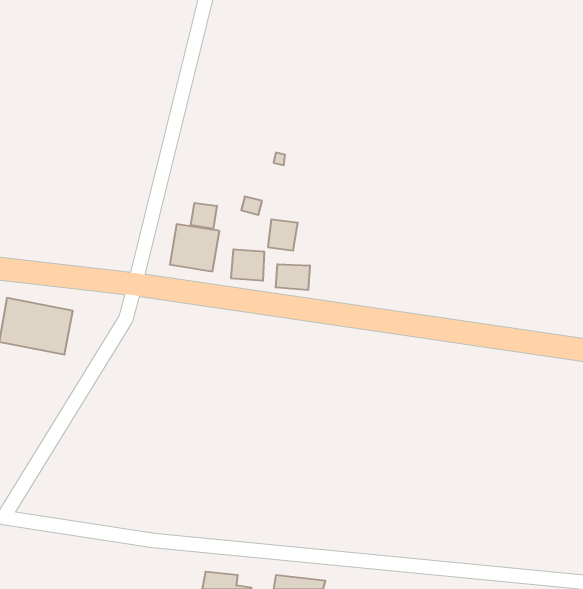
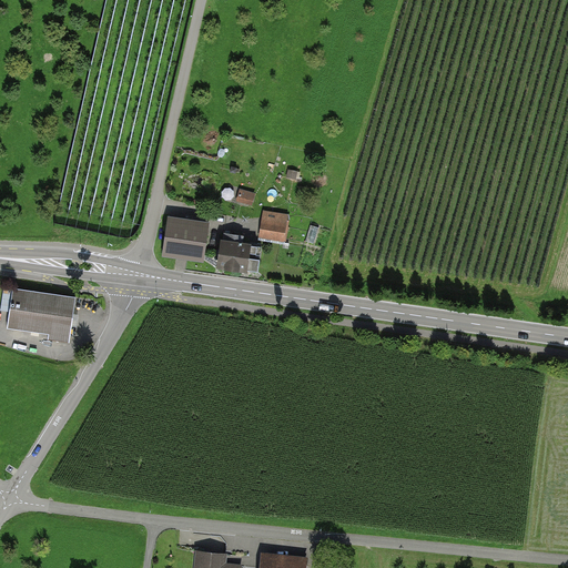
building: [191,203,217,229] -> none
building: [276,264,310,290] -> none

